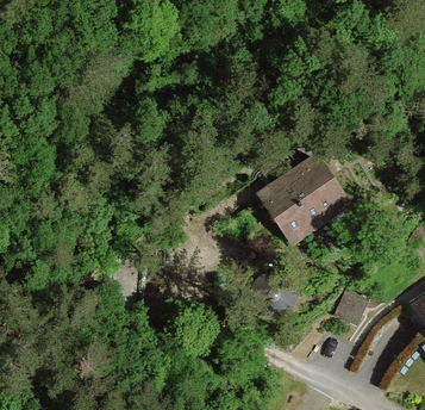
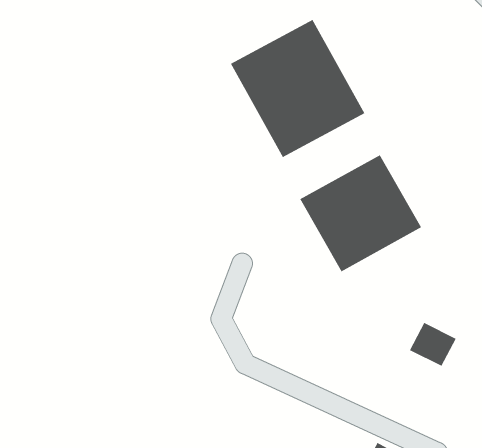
building: none -> [230,19,365,158]

